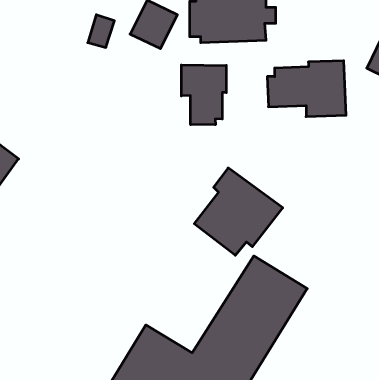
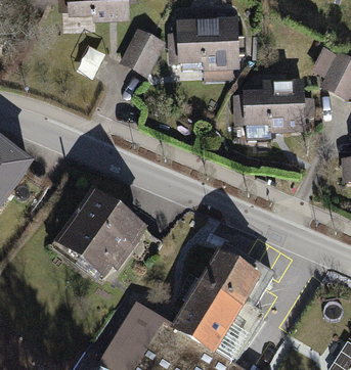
building: [181,65,226,125] -> none
building: [194,168,283,255] -> [64,199,139,273]

